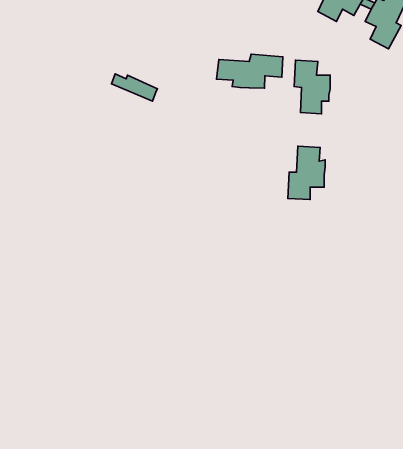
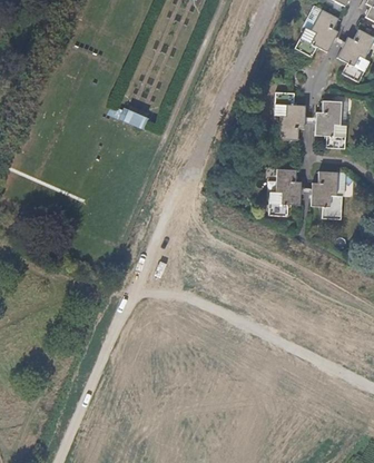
building: [216,54,283,88] -> none
building: none -> [314,101,345,149]
building: none -> [309,171,342,220]

